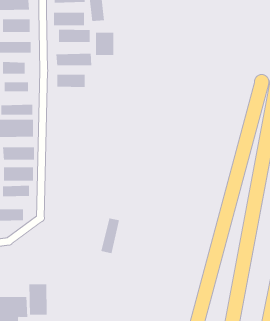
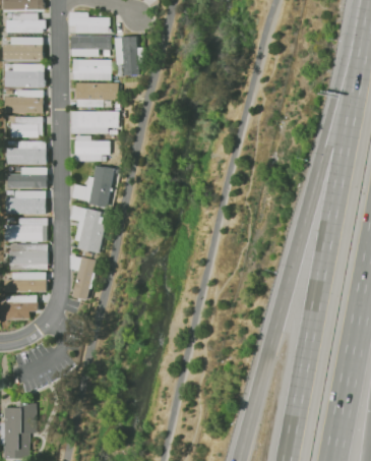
building: [96,32,114,56] -> none
building: none -> [89,161,116,207]
building: none -> [78,208,106,250]
building: [100,218,120,254] -> [70,255,94,299]
building: [29,284,47,316] -> none

